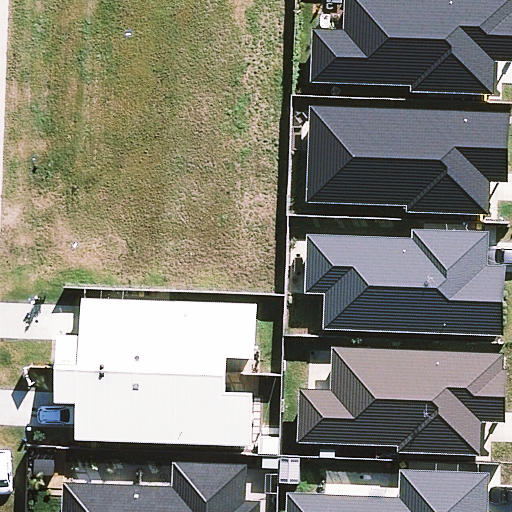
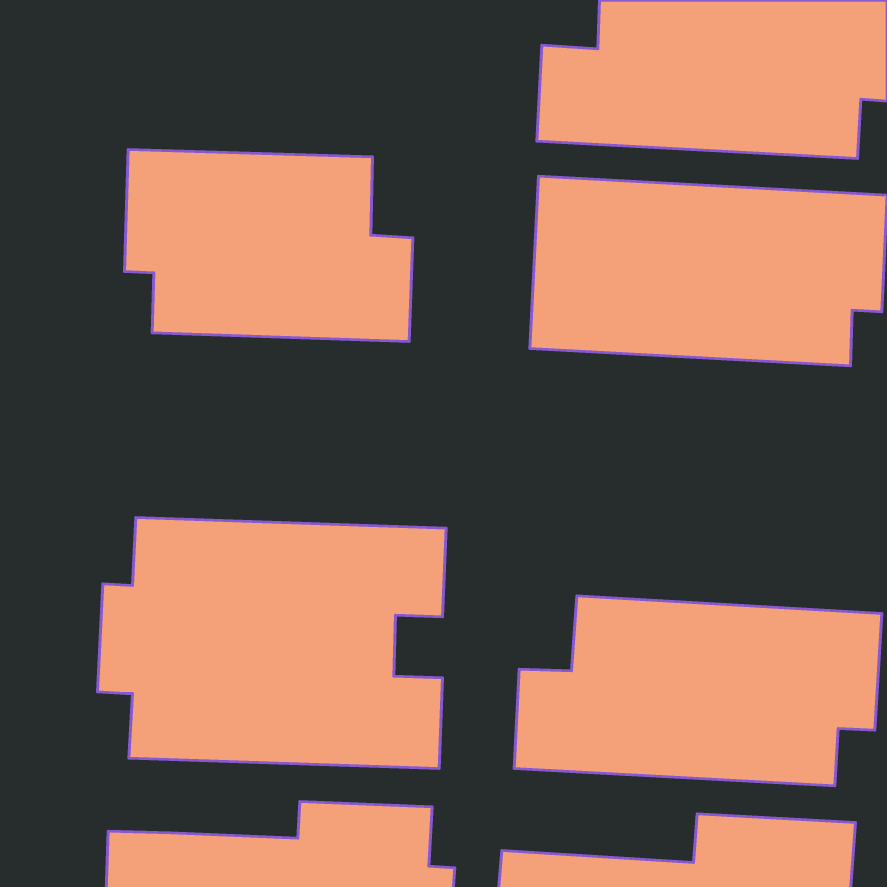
building: none -> [125,149,413,342]
building: [304,233,504,332] -> none

